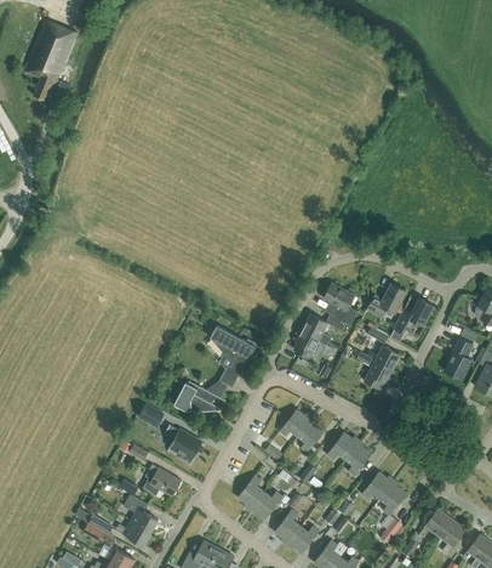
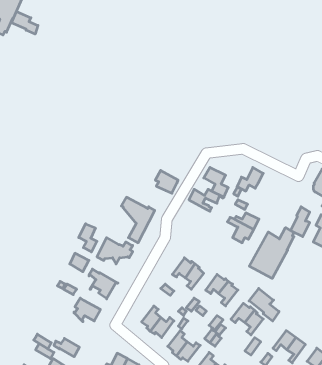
building: none -> [12,12,38,34]
building: [394,299,434,333] -> none
building: [296,329,327,360] -> [155,170,178,193]
building: none -> [79,224,97,252]
building: none -> [249,228,294,278]
building: none -> [249,288,279,321]
building: [124,494,159,533] -> none

